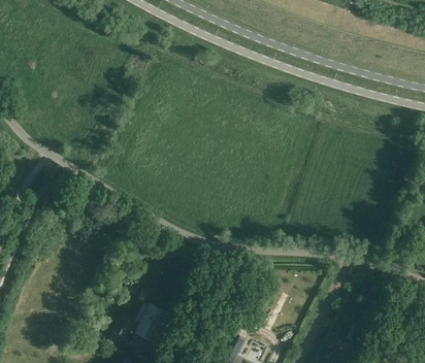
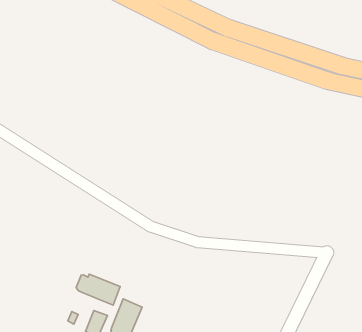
building: none -> [76,274,120,305]

